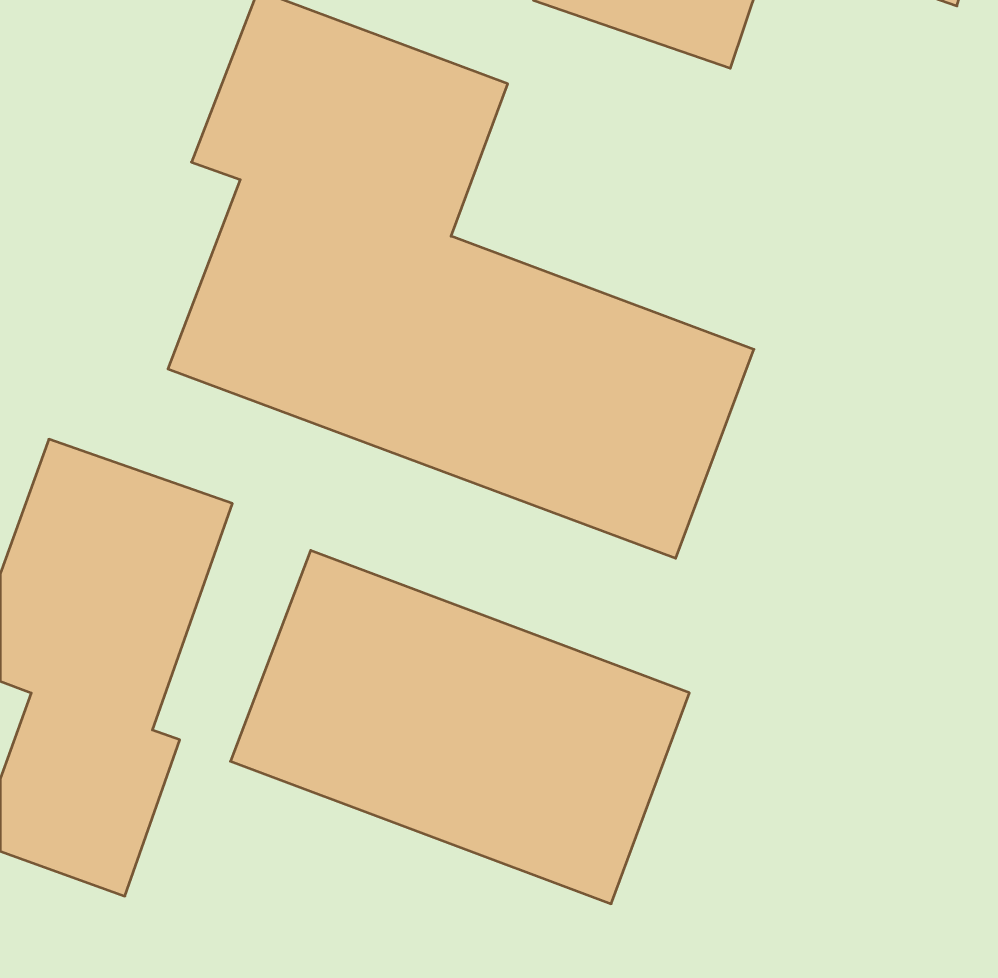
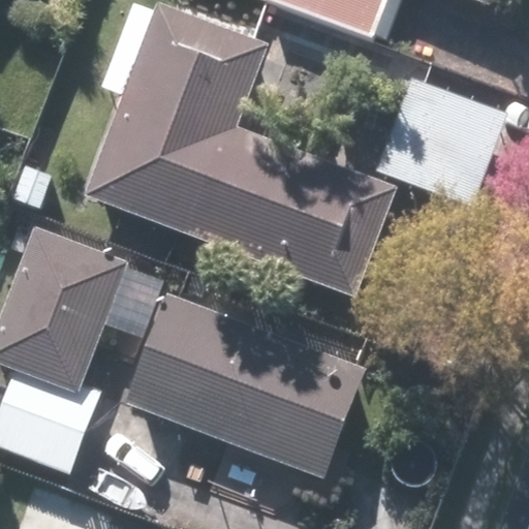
building: none -> [375,72,512,207]

